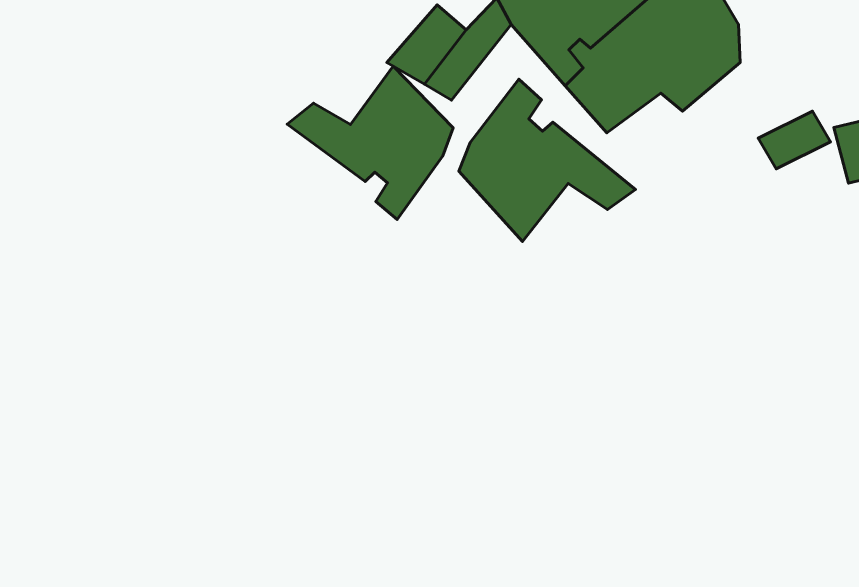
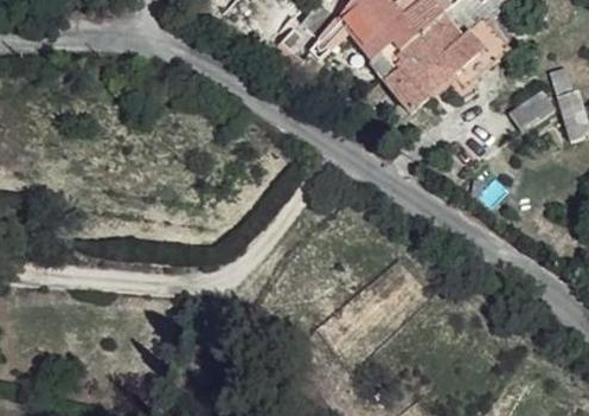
building: [287,66,453,220] -> none
building: [459,79,636,241] -> none

